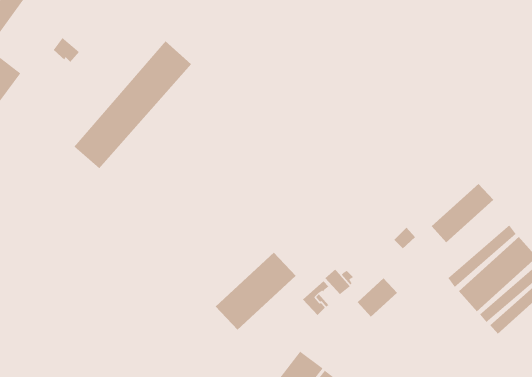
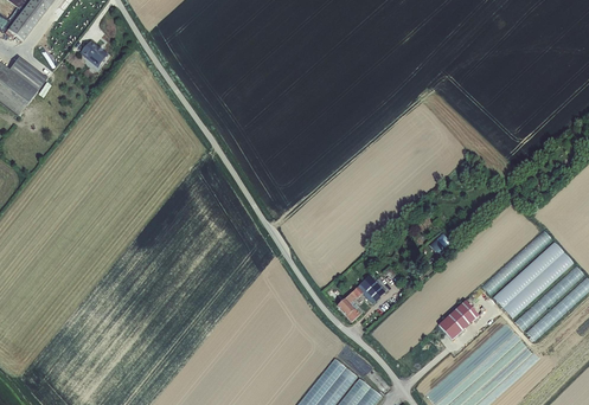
building: [73,40,192,169] -> none
building: [431,183,494,243] -> none
building: [215,252,297,331] -> none
building: [357,278,398,317] -> [437,300,479,340]

